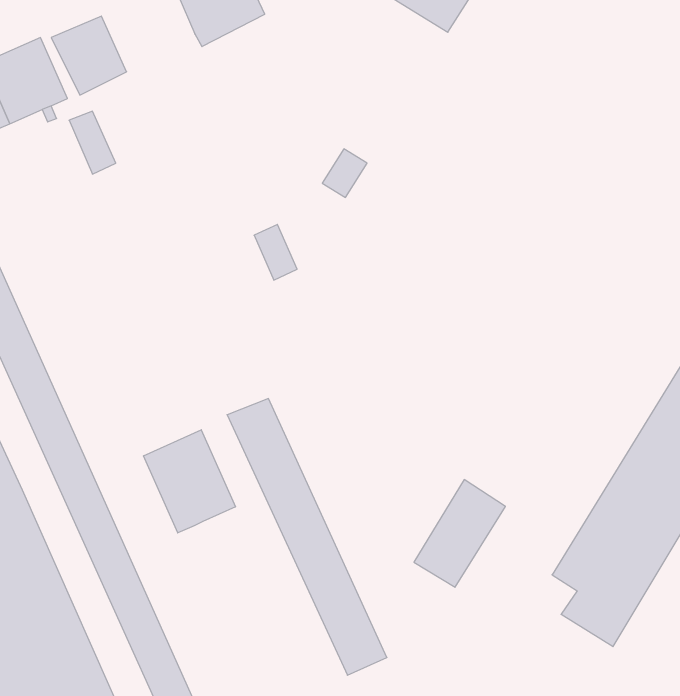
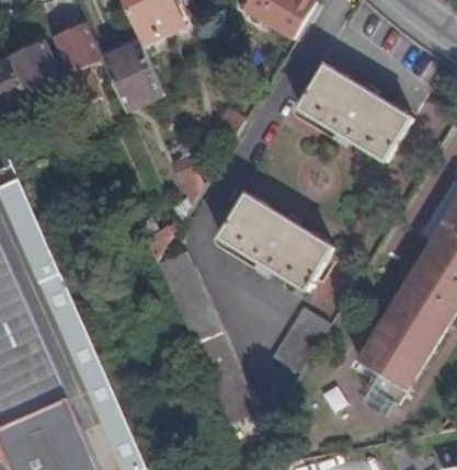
building: none -> [101,37,162,106]
building: none -> [297,68,411,164]
building: none -> [219,197,333,293]
building: [144,430,235,533] -> none

